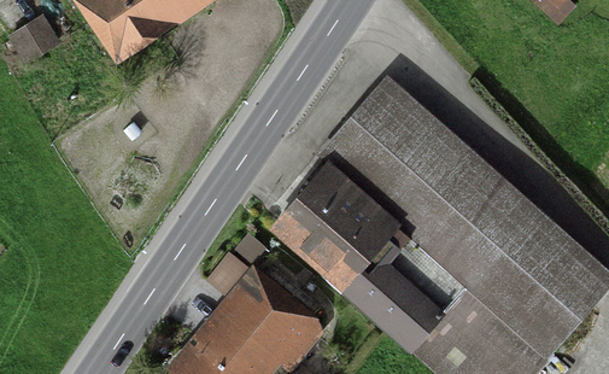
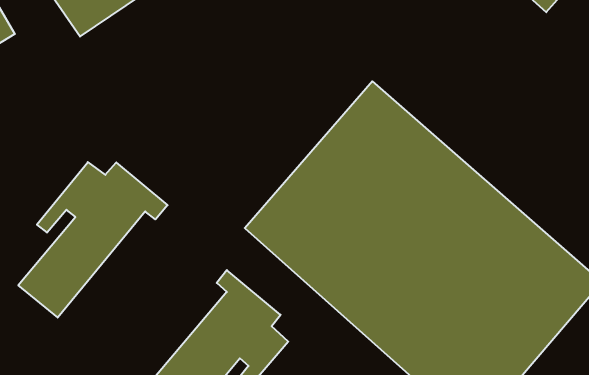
building: none -> [18,162,168,318]

